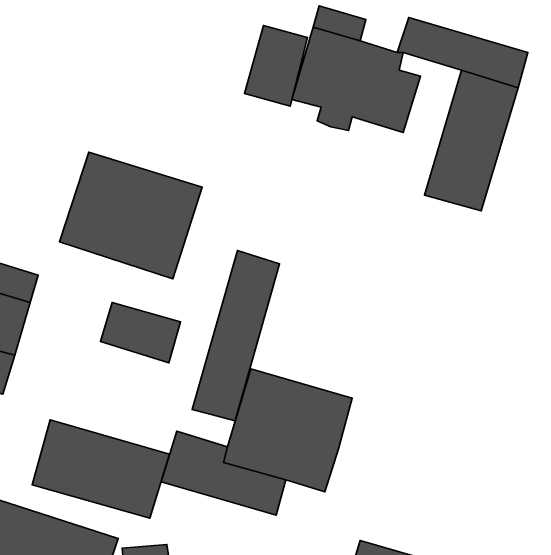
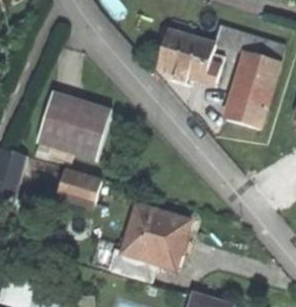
building: [244,26,307,106] -> none
building: [192,250,280,421] -> none
building: [32,420,170,518] -> none

